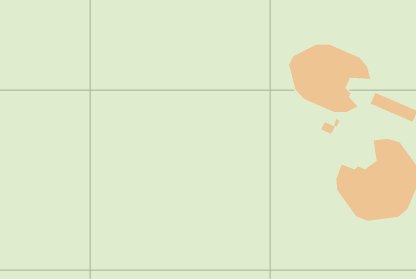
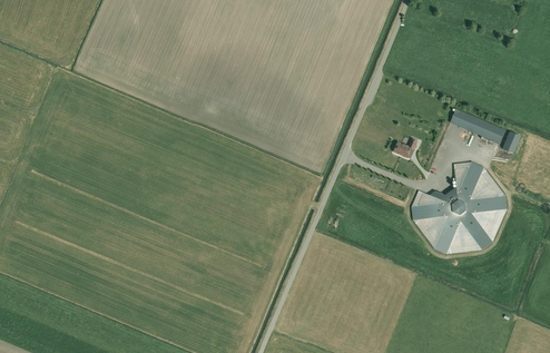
building: [288,44,371,113] -> none

